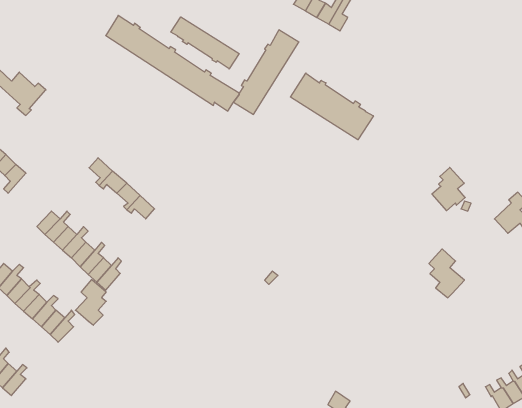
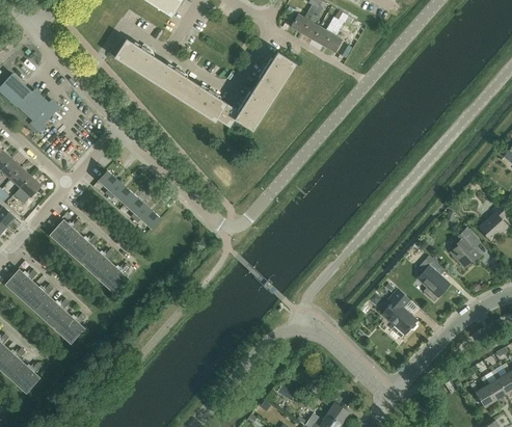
building: [171,17,239,69] -> none
building: [290,73,373,140] -> none
building: [432,167,465,211] -> [450,228,481,268]
building: [75,280,106,325] -> none
building: none -> [382,289,416,338]

